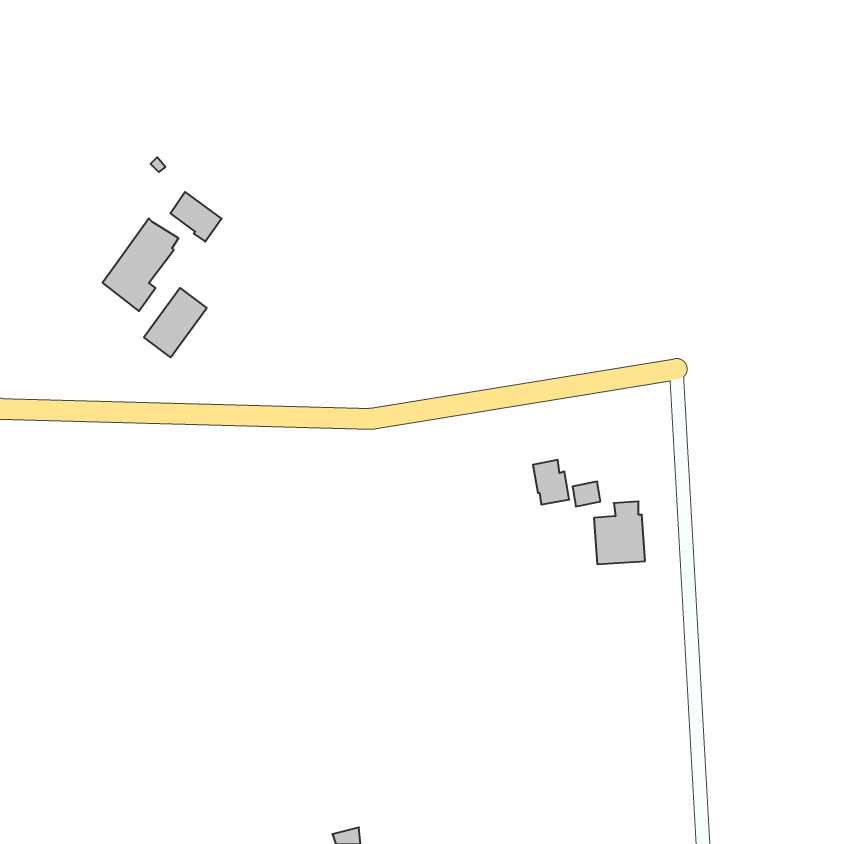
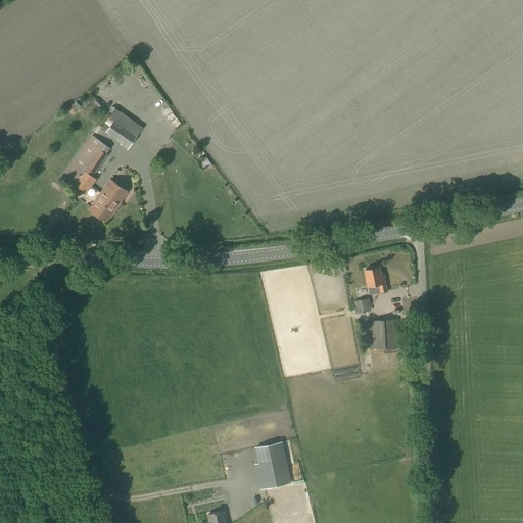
building: [533,460,569,505] -> [366,266,388,293]
building: none -> [255,442,289,488]

